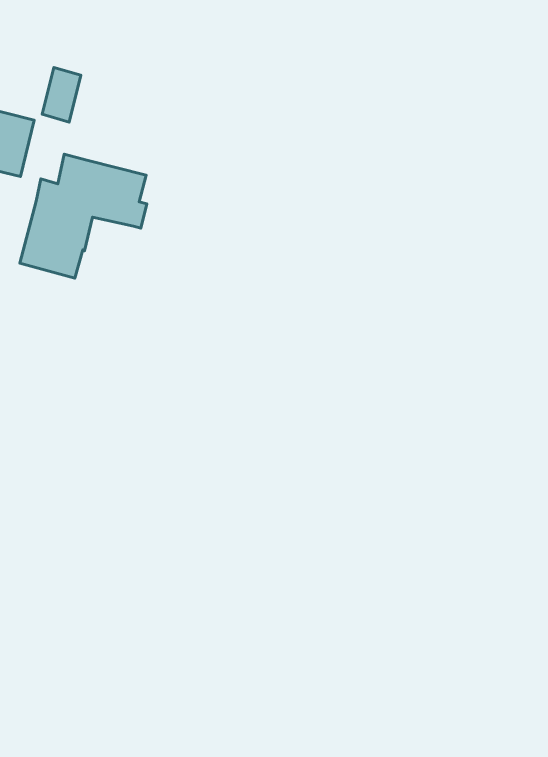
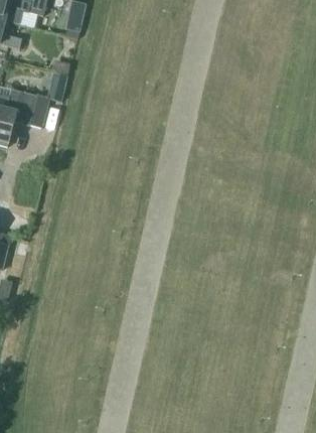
building: [20,154,147,278] -> none

